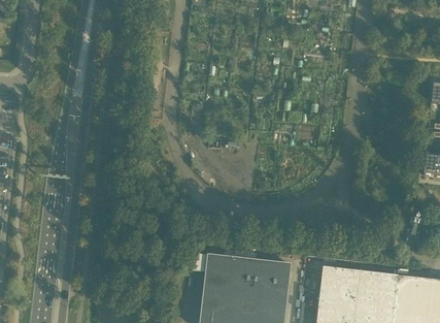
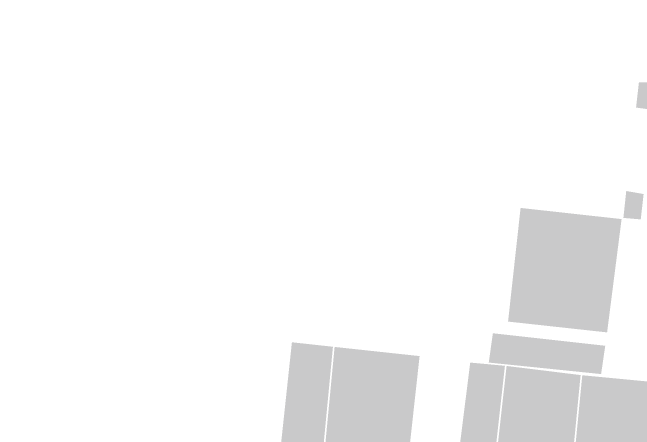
building: none -> [507,207,622,333]
building: none -> [488,332,606,375]

